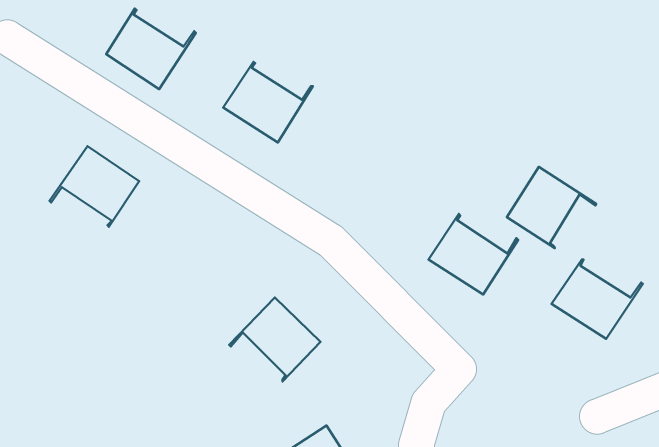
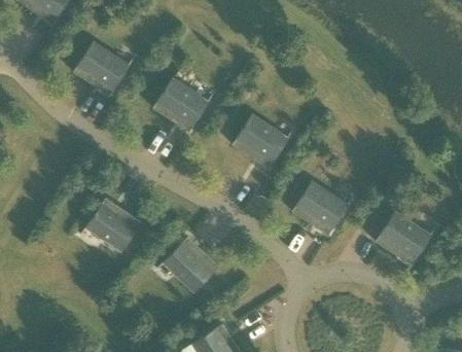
building: none -> [233,113,294,168]
building: [50,146,139,227] -> [81,198,142,252]
building: [507,167,596,248] -> none

